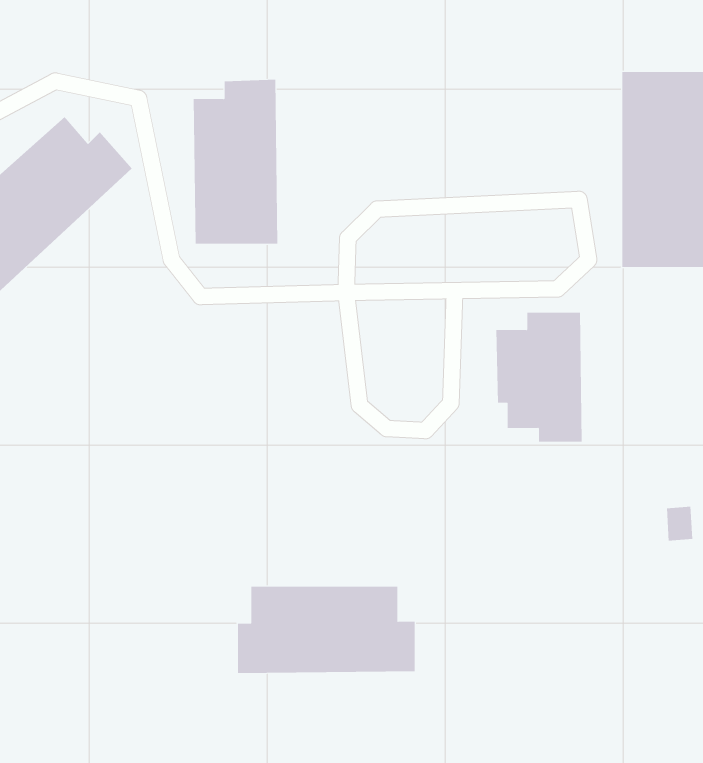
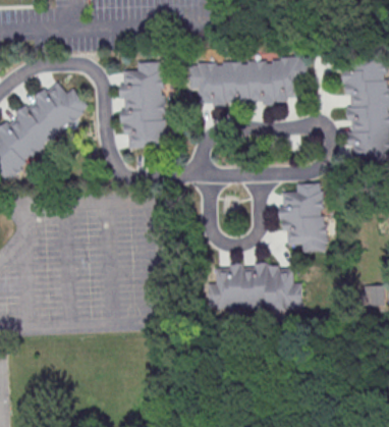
building: none -> [188,59,307,107]
building: [237,586,416,674] -> [208,265,301,311]

